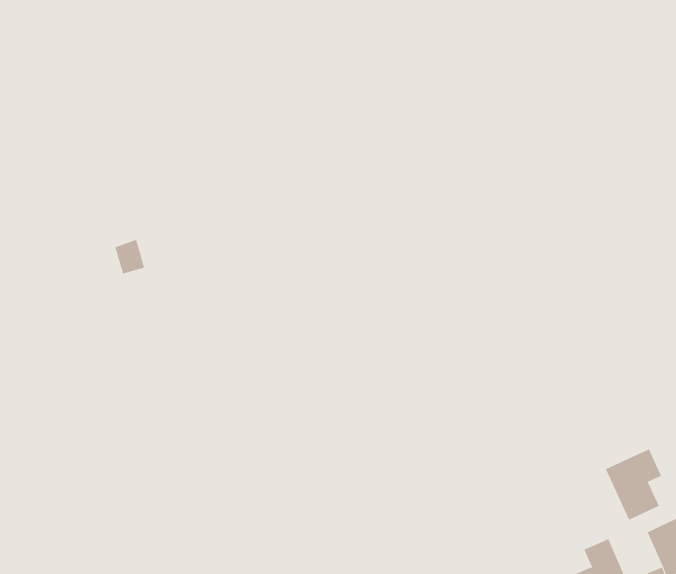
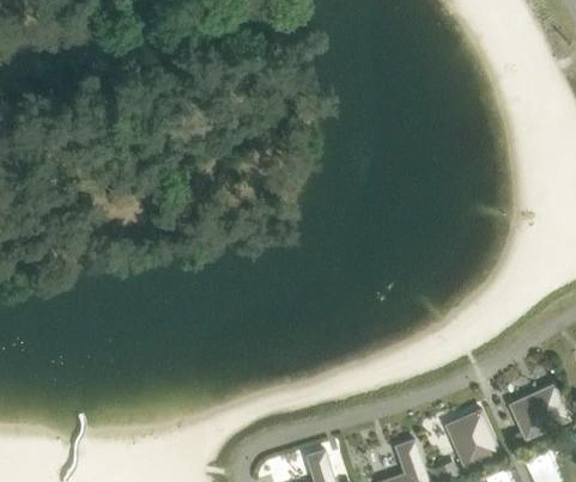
building: [605,449,662,521] -> none

